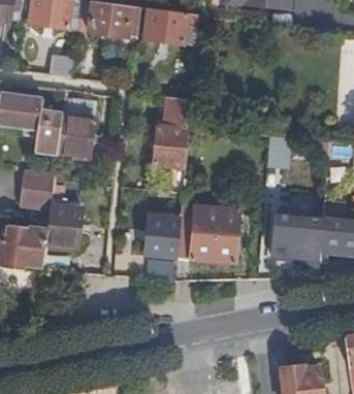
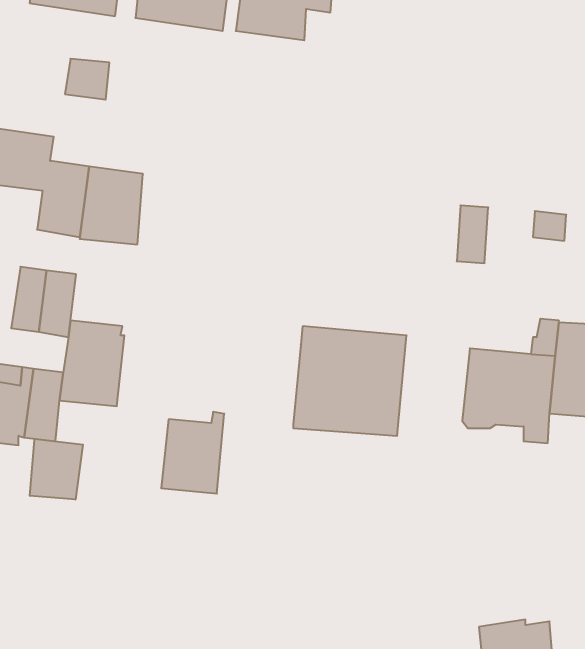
building: [152,96,191,194] -> none
building: [146,212,181,258] -> [161,412,224,494]
building: none -> [30,439,83,500]

